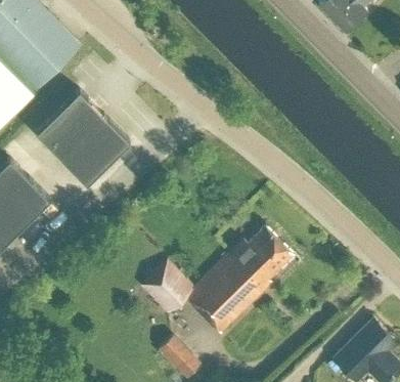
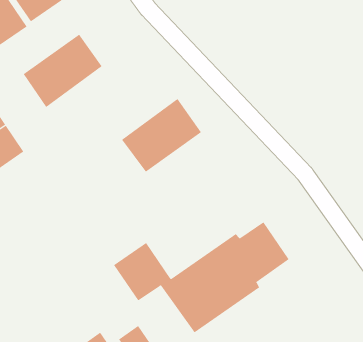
building: [60,115,129,183] -> [121,98,202,172]

